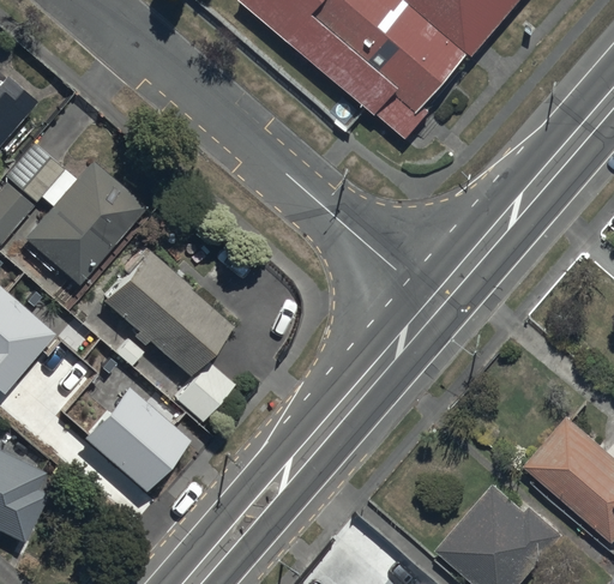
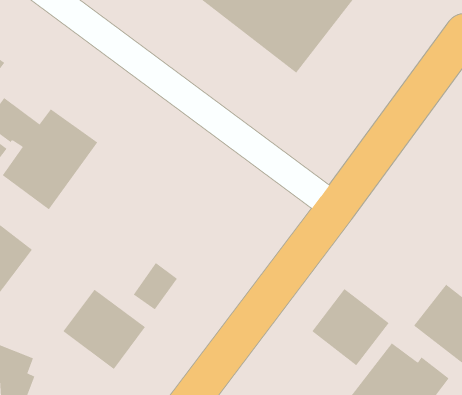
building: [98,249,231,374] -> none
building: none -> [311,288,389,366]

